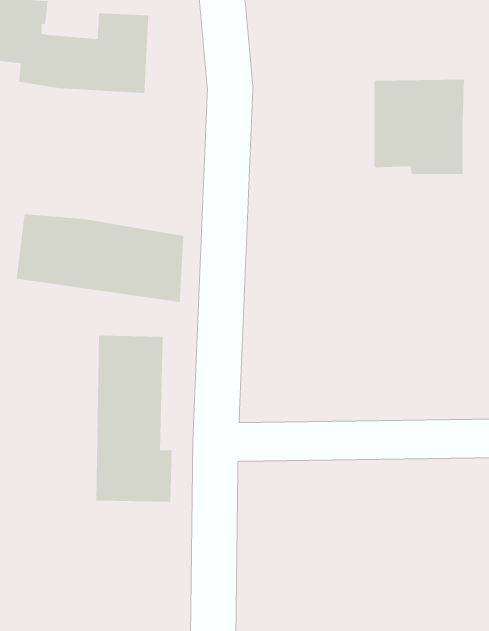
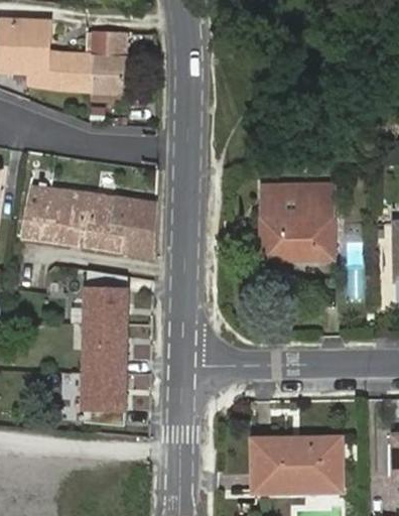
building: [373,79,465,174] -> [260,183,330,257]
building: none -> [248,439,334,489]

